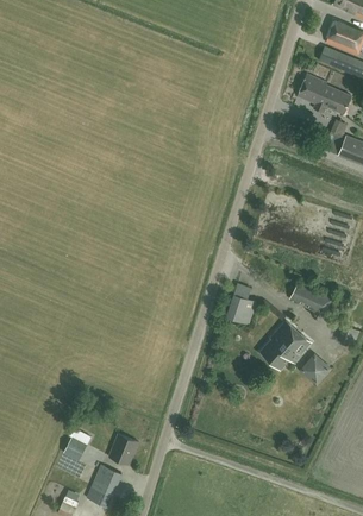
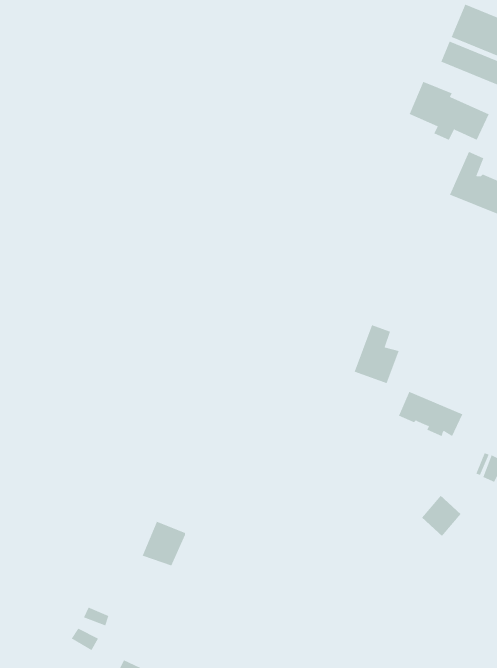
building: [225,284,256,325] -> [354,324,400,384]
building: [258,320,309,370] -> none
building: [107,433,137,464] -> [142,521,186,566]

